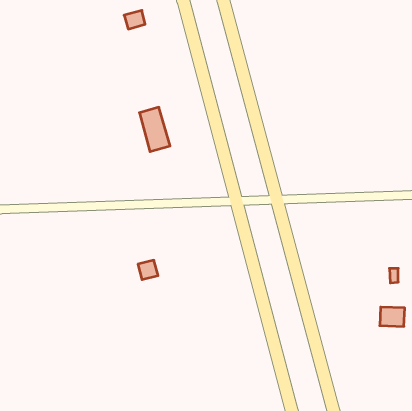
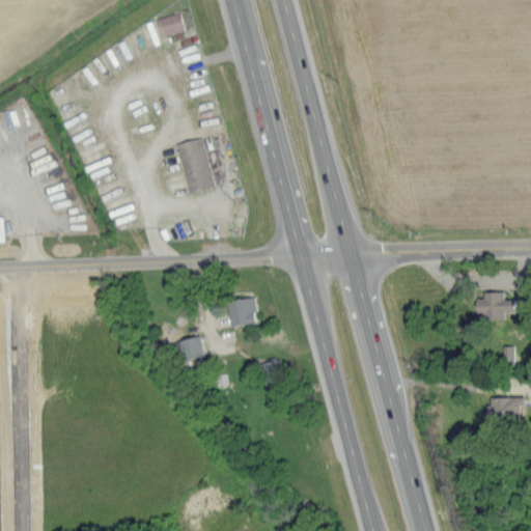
building: none -> [475,294,512,319]
building: none -> [226,298,256,326]

